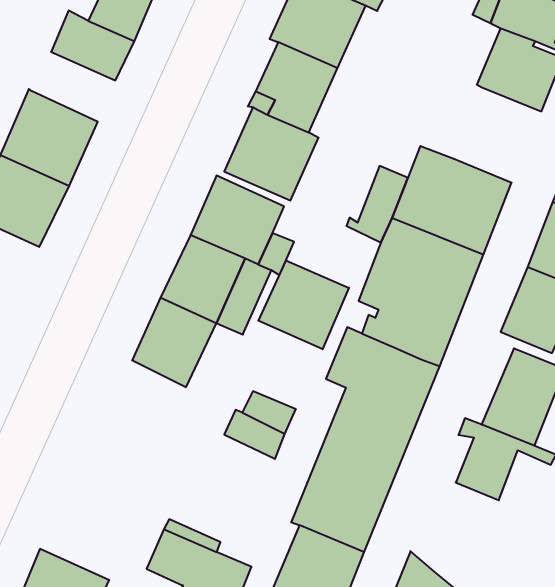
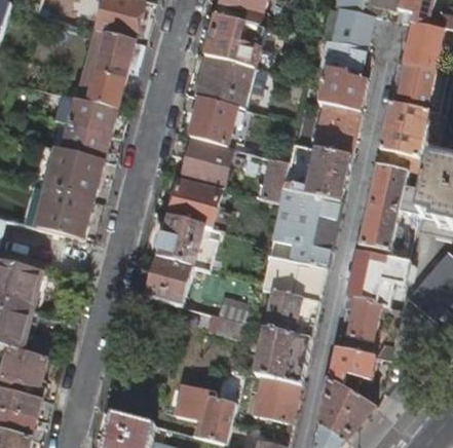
building: none -> [63,122,110,158]
building: none -> [313,101,360,153]
building: [258,260,349,349] -> none
building: none -> [327,344,375,385]

